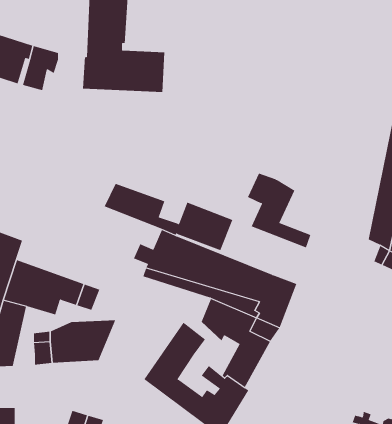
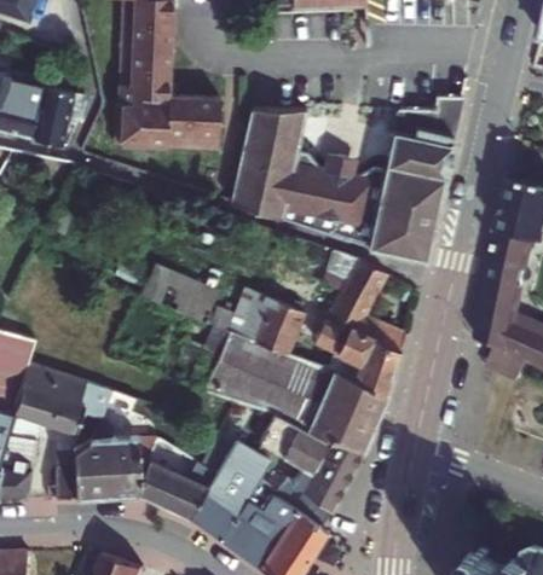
building: none -> [232,95,464,257]
building: none -> [319,320,400,394]
building: none -> [134,440,212,516]
building: none -> [236,484,288,538]

